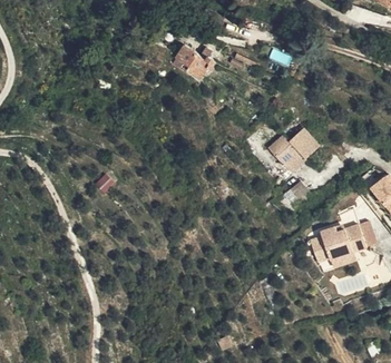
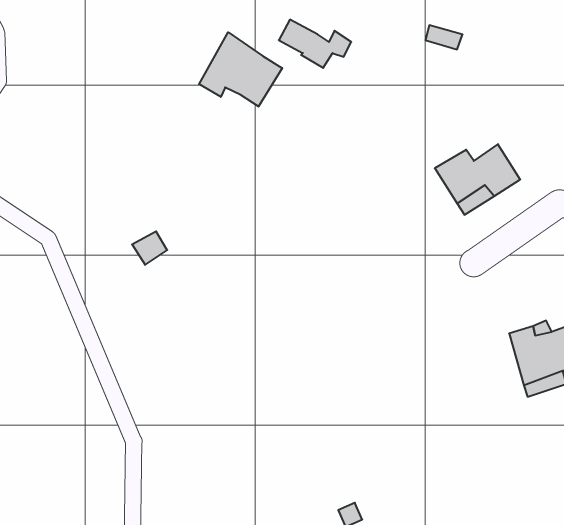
building: none -> [199,32,282,107]

